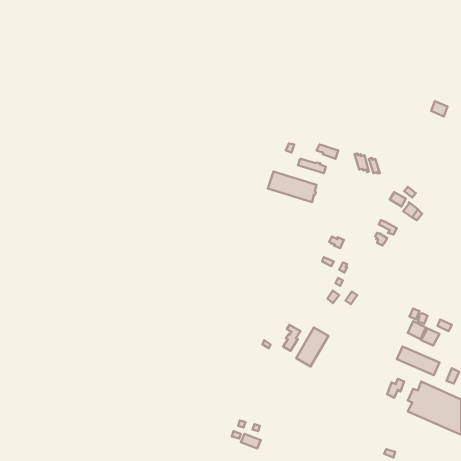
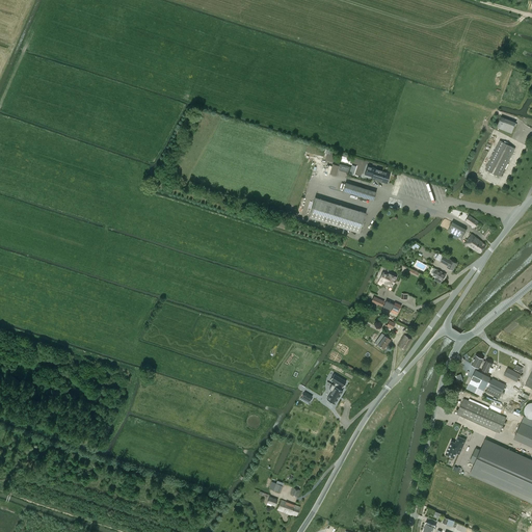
building: none -> [485,140,515,177]
building: [296,327,328,367] -> none

